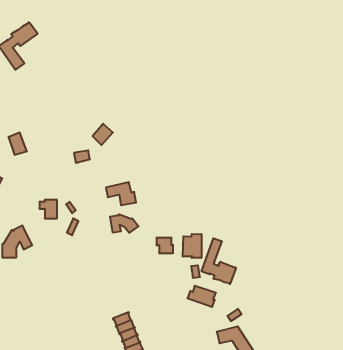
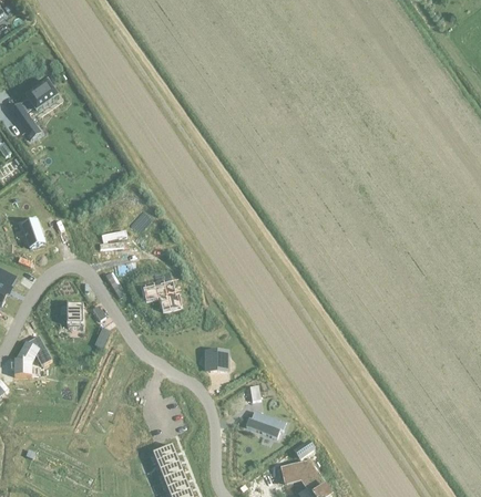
building: [110,214,139,233] -> none
building: [183,234,201,258] -> none
building: [202,238,236,284] -> none

